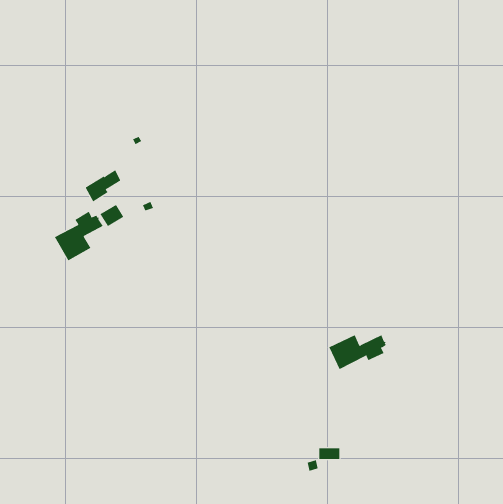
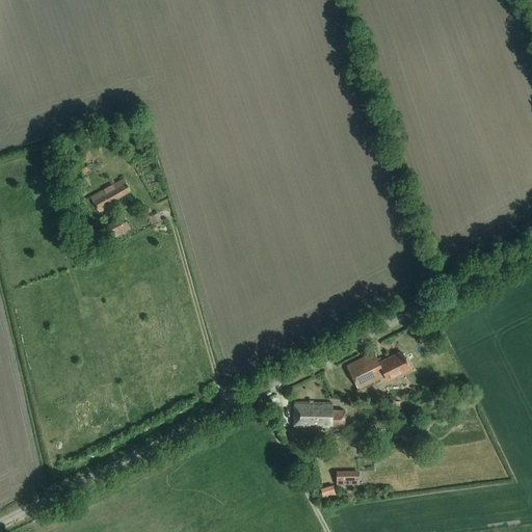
building: [54,211,103,261] -> none
building: none -> [293,402,345,428]

